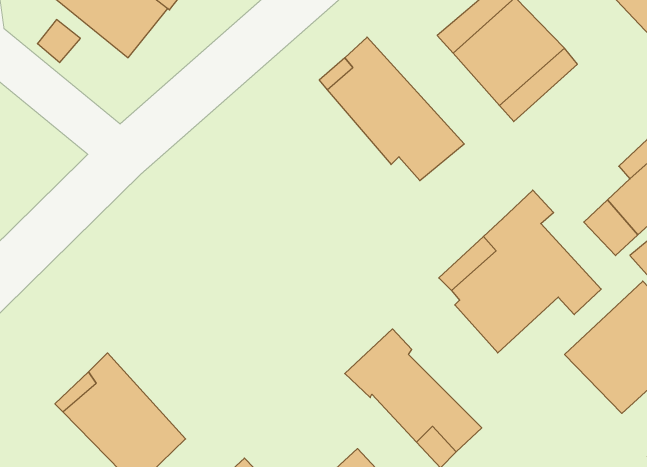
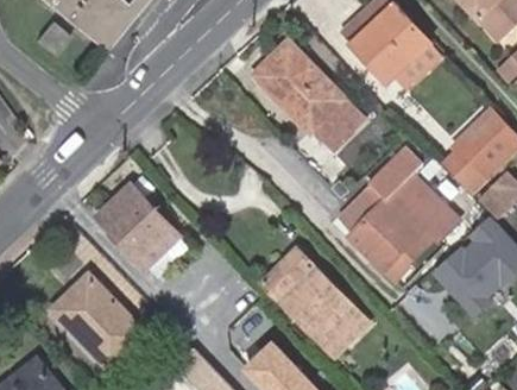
building: none -> [99,185,190,276]

